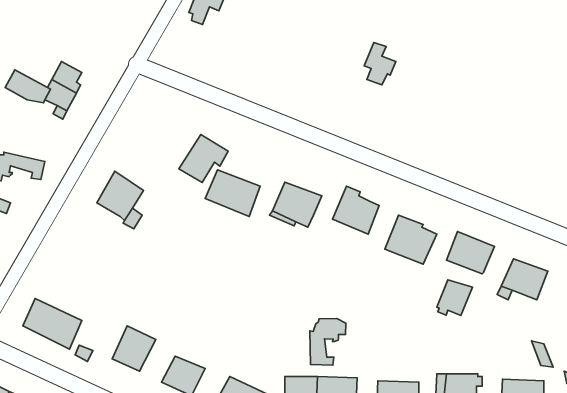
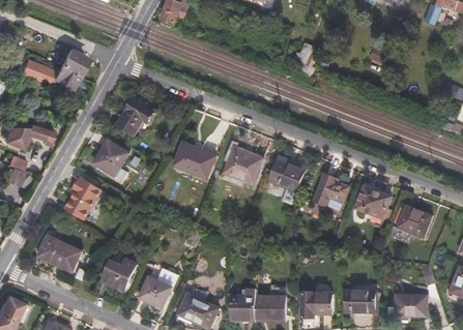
building: [179,135,228,183] -> [118,100,155,137]
building: none -> [60,176,95,217]
building: [437,280,473,316] -> none
building: [310,318,346,365] -> none

